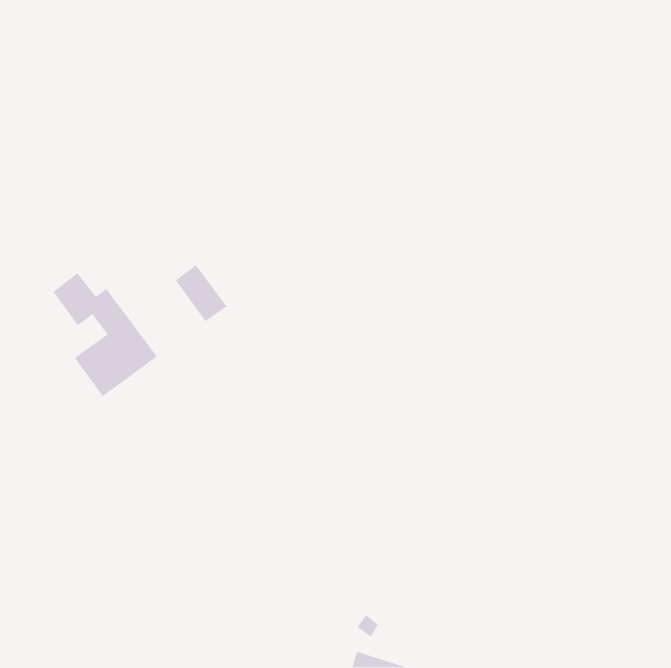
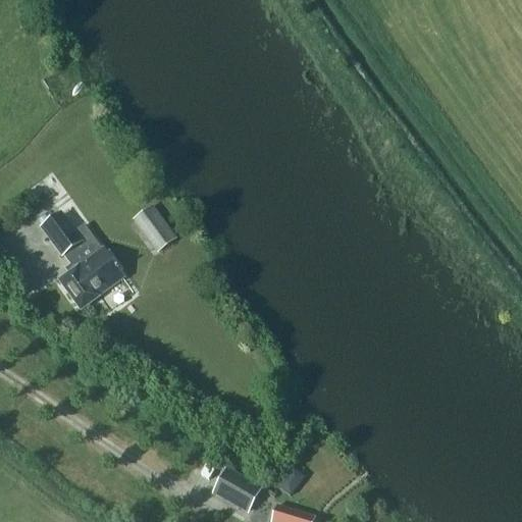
building: none -> [214,469,261,510]

